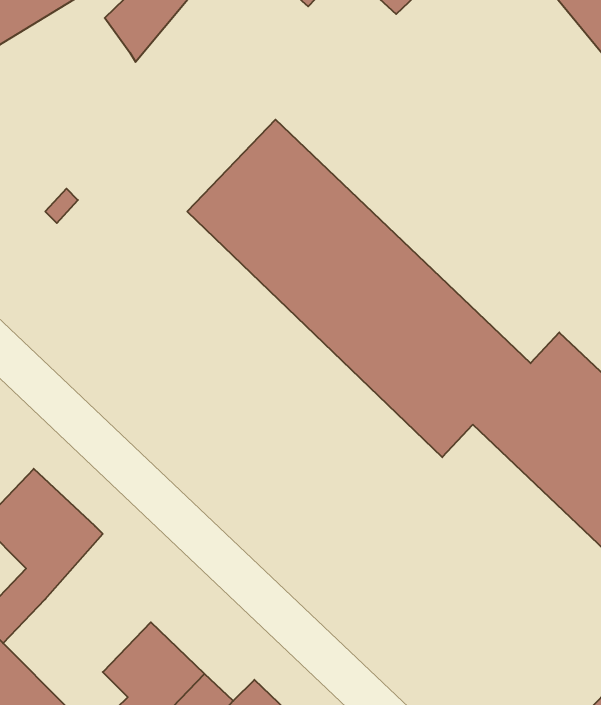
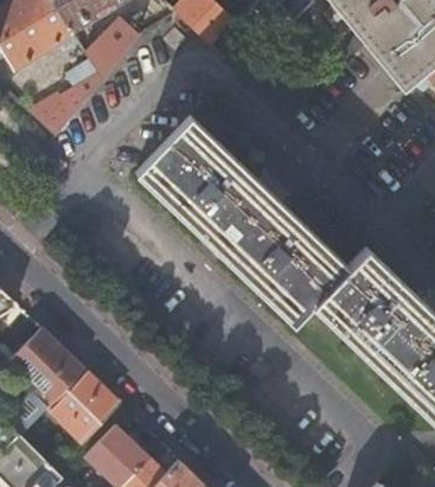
building: none -> [30,72,103,136]
building: none -> [47,370,120,443]

